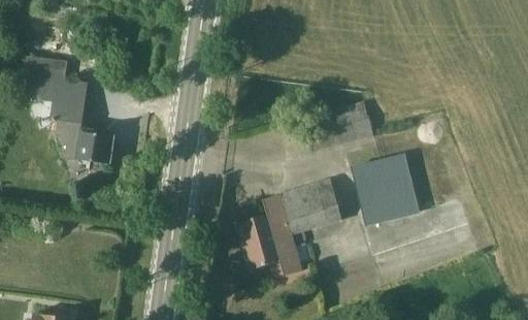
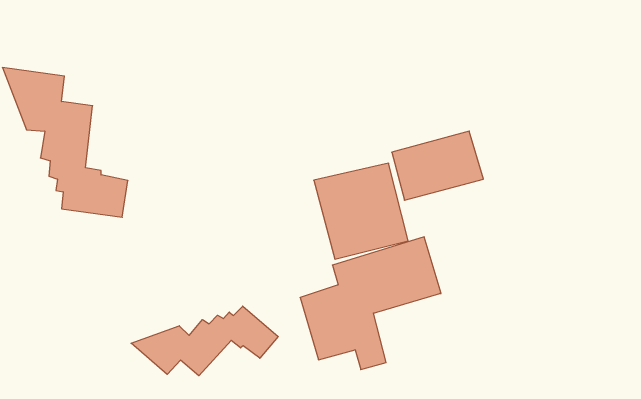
building: [351,154,420,224] -> [314,163,408,259]
building: none -> [131,306,278,376]

